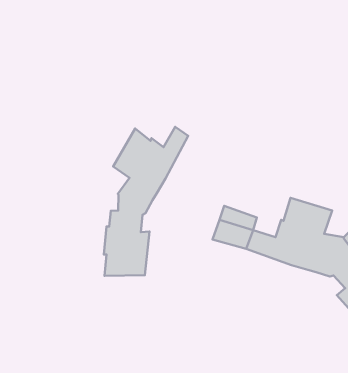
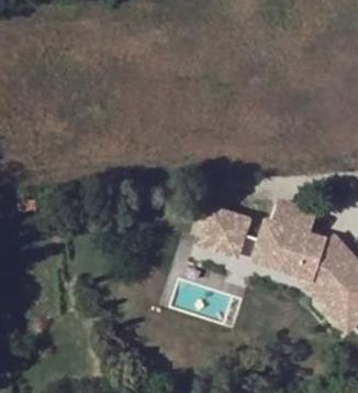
building: [104,127,188,276] -> none

